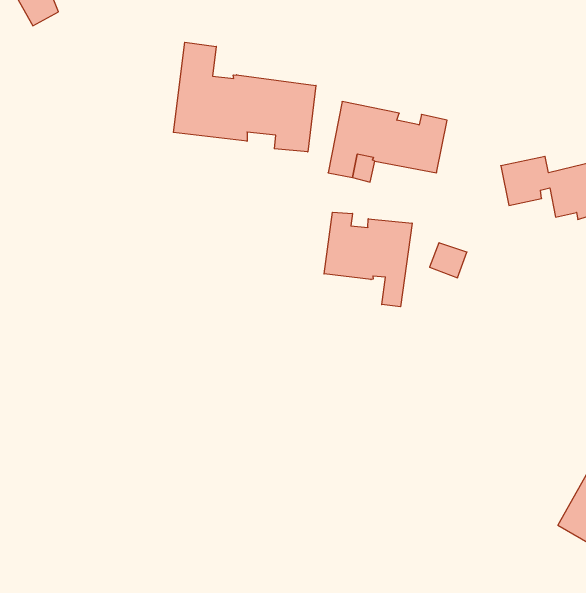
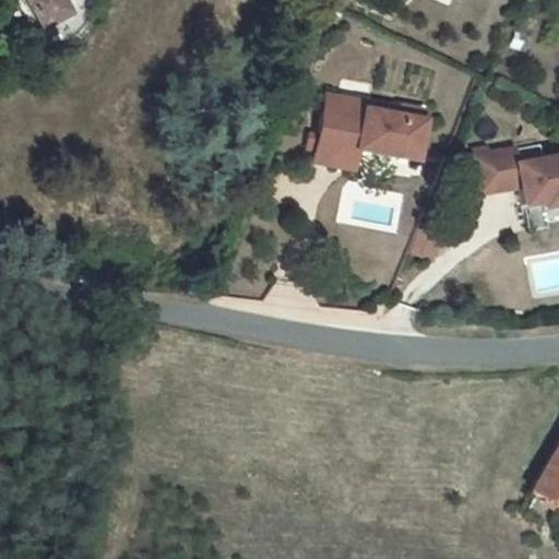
building: [173,42,316,152] -> none
building: [324,212,412,307] -> none

